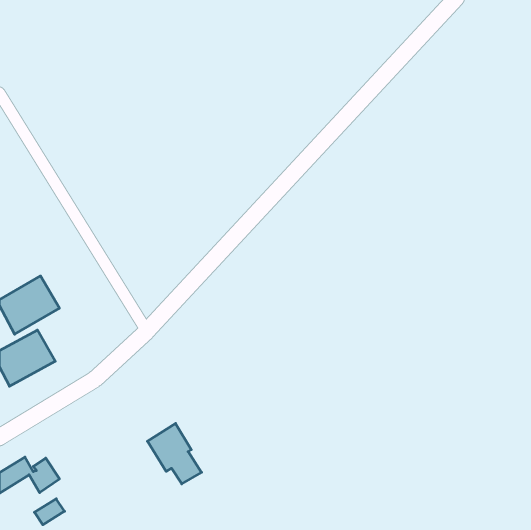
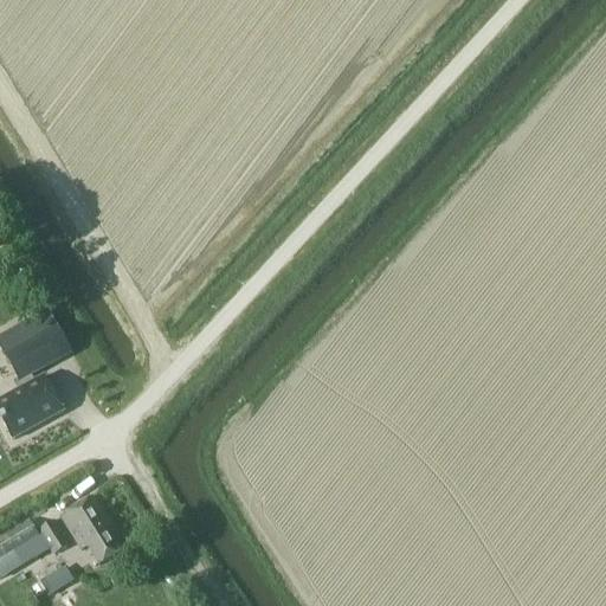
building: [147,423,202,484] -> [59,496,121,565]

